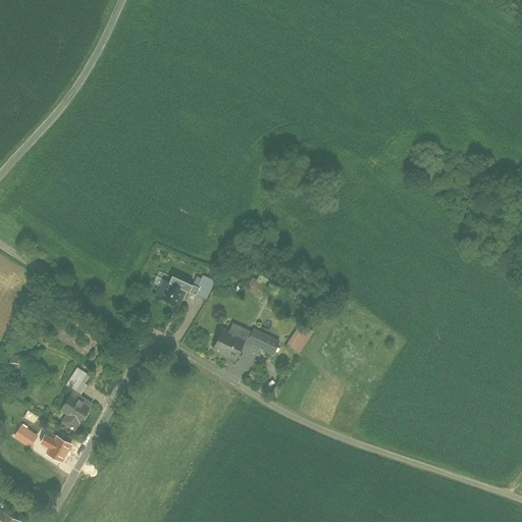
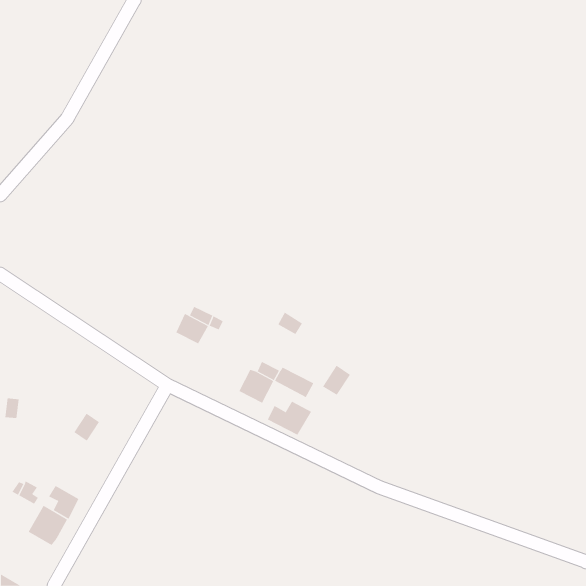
building: none -> [267,401,312,436]
building: [60,393,90,429] -> none
building: none -> [28,505,68,546]

